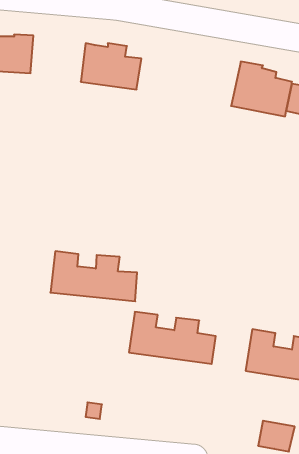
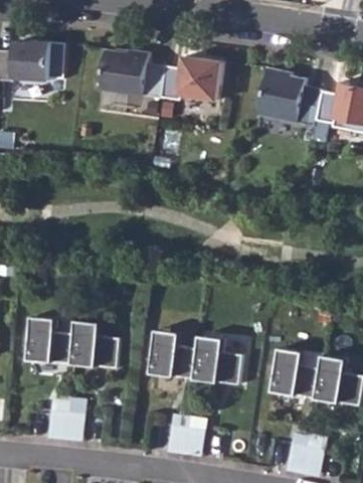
building: none -> [158,56,221,101]
building: [50,251,137,301] -> [27,316,118,368]
building: none -> [47,411,82,441]
building: none -> [167,425,203,456]

